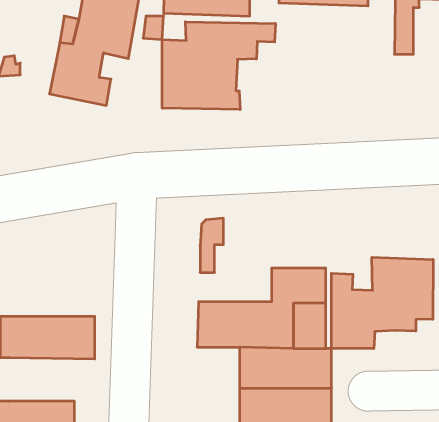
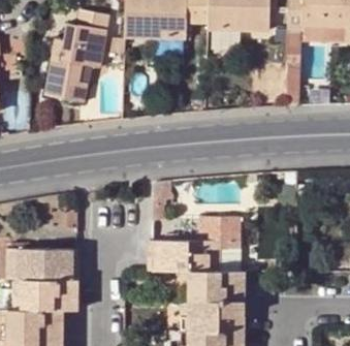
building: [162,22,275,110] -> none
building: [331,257,433,349] -> none
building: none -> [14,279,75,310]

